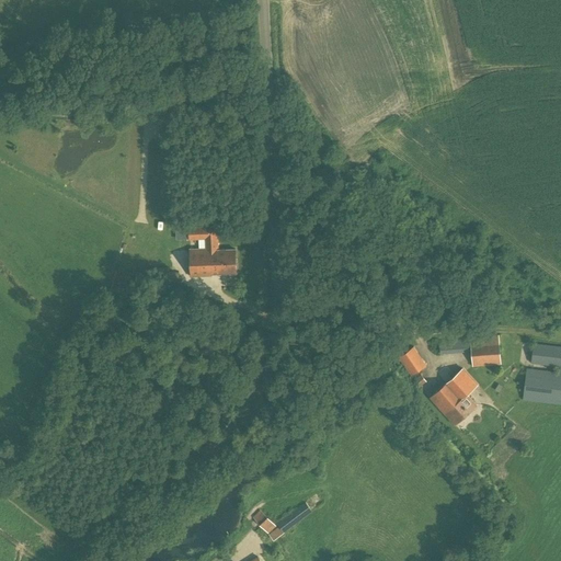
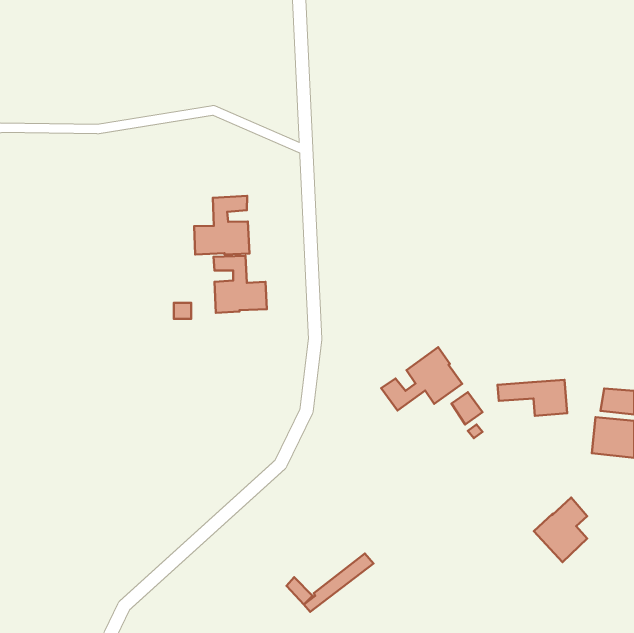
building: none -> [194,196,250,254]
building: none -> [381,347,462,410]
building: [430,369,477,426] -> [534,498,587,562]

